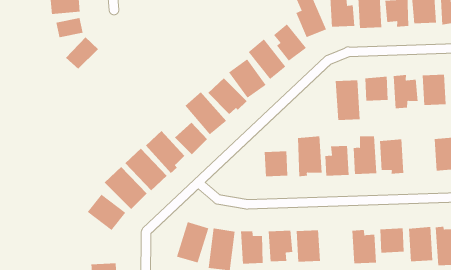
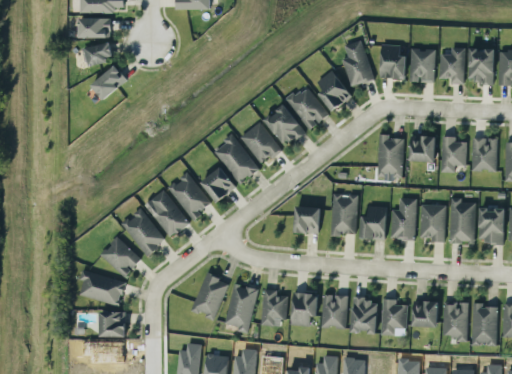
building: none -> [449,198,475,243]
building: none -> [78,272,125,304]
building: none -> [350,299,377,333]

